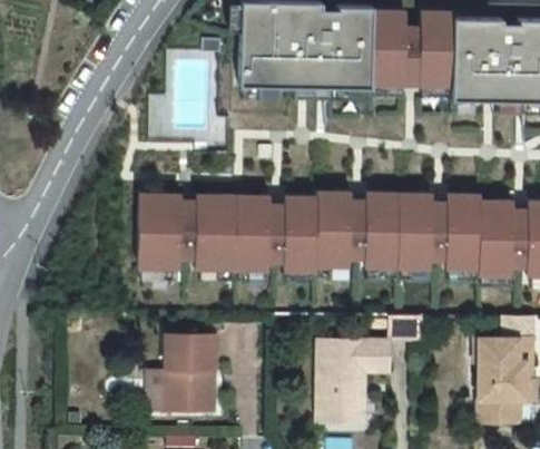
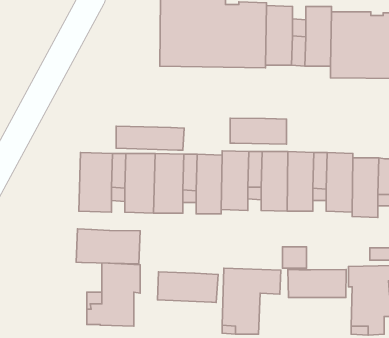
building: none -> [230,118,286,144]
building: none -> [116,126,184,150]
building: none -> [76,229,140,264]
building: none -> [288,269,346,298]
building: none -> [158,272,218,302]

